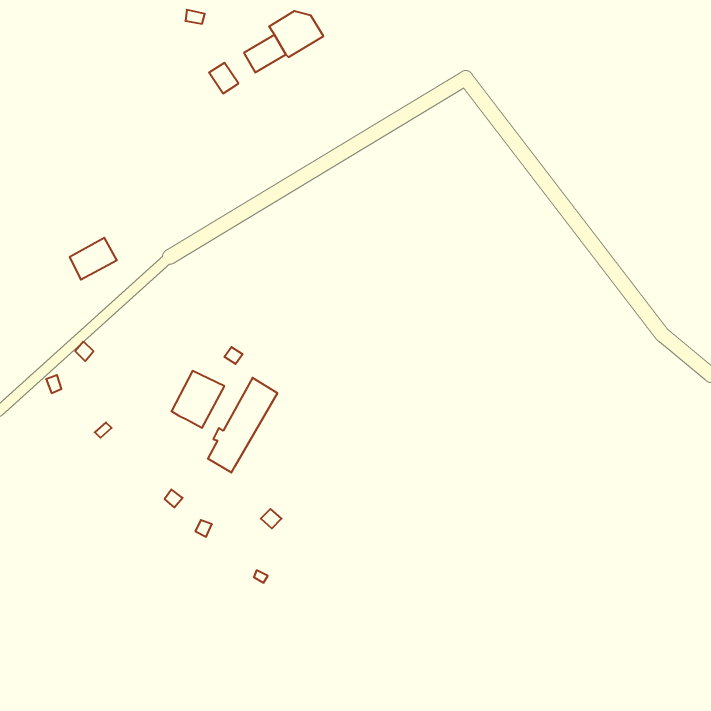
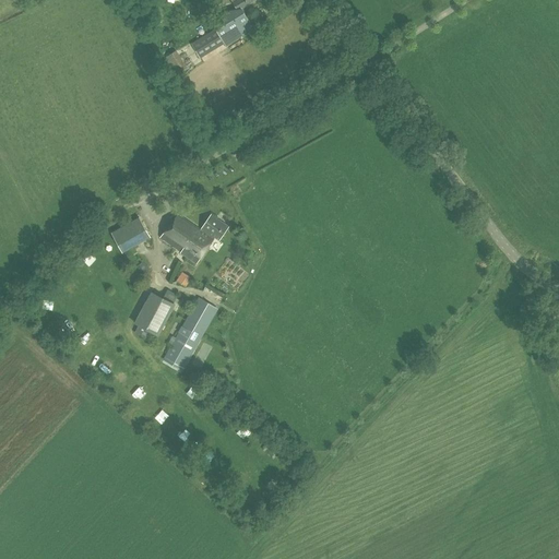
building: [70,238,117,280] -> [111,217,148,250]
building: none -> [160,214,227,262]

